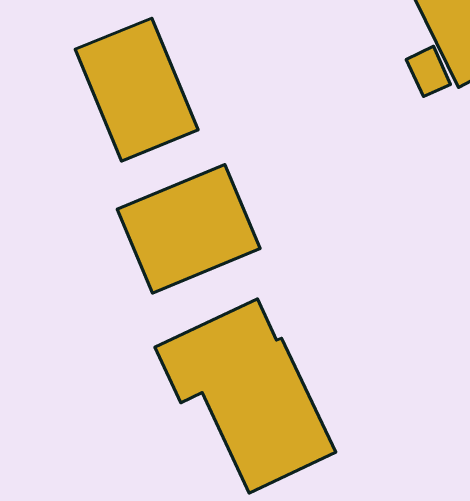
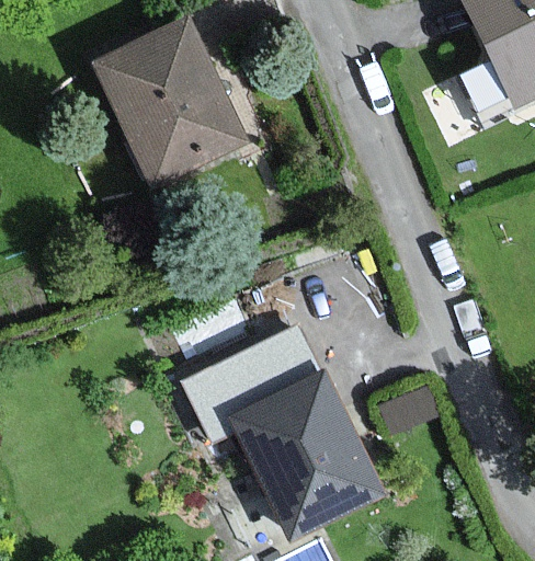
building: [117,164,260,293] -> none

